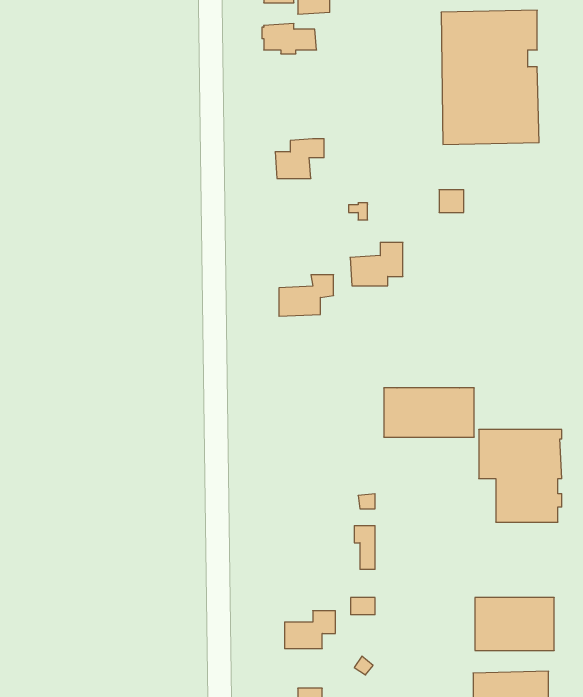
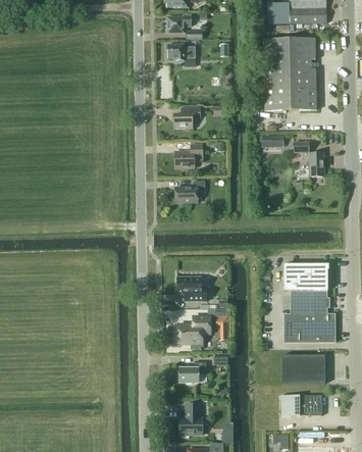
building: none -> [294,142,324,177]
building: [350,242,403,286] -> [174,144,203,167]
building: [384,388,474,437] -> [286,314,334,341]
building: none -> [176,278,206,301]
building: none -> [177,316,210,346]

